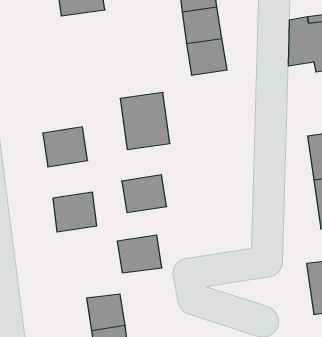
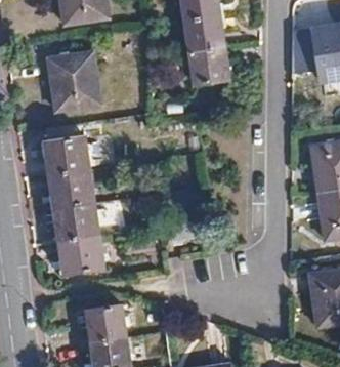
building: [120,92,170,149] -> [48,52,98,110]
building: [122,175,167,213] -> [49,170,94,208]
building: [117,235,162,273] -> [58,236,103,274]

